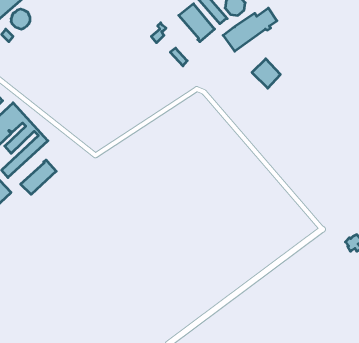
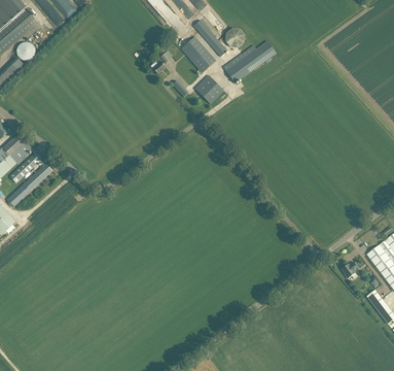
building: [252,59,280,88] -> [195,75,223,104]
building: [21,160,56,194] -> none

